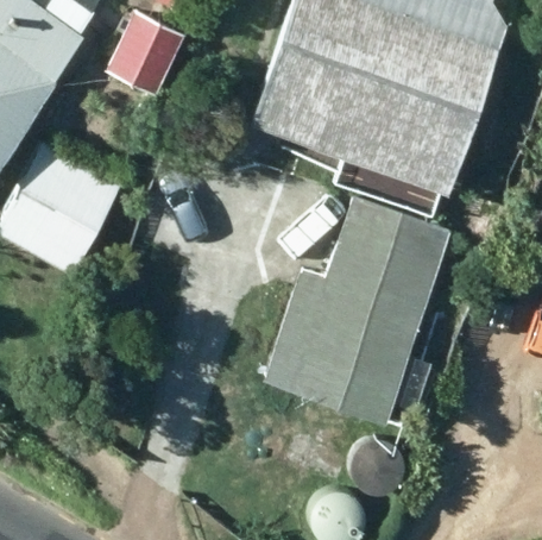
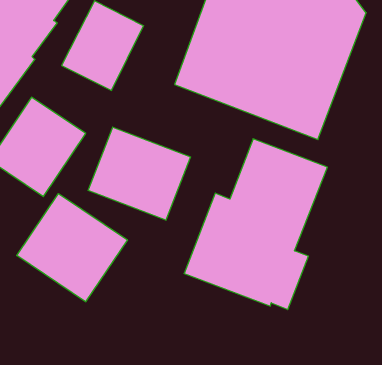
building: none -> [88,127,191,220]
building: none -> [17,194,127,302]

